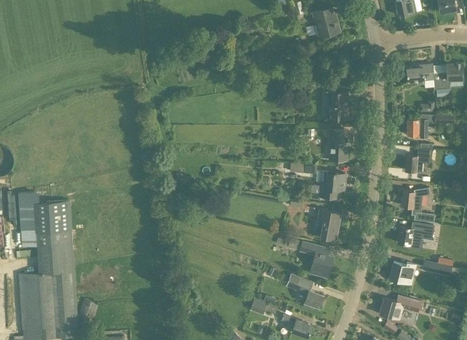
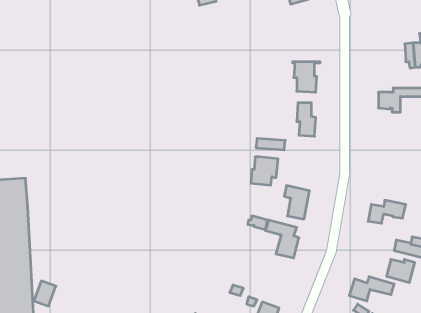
building: [405,64,432,85] -> none
building: [404,148,431,172] -> none
building: [318,171,344,198] -> [251,157,278,185]
building: [400,188,434,223] -> none
building: [388,262,415,284] -> [387,259,415,282]
building: [285,273,322,310] -> none

